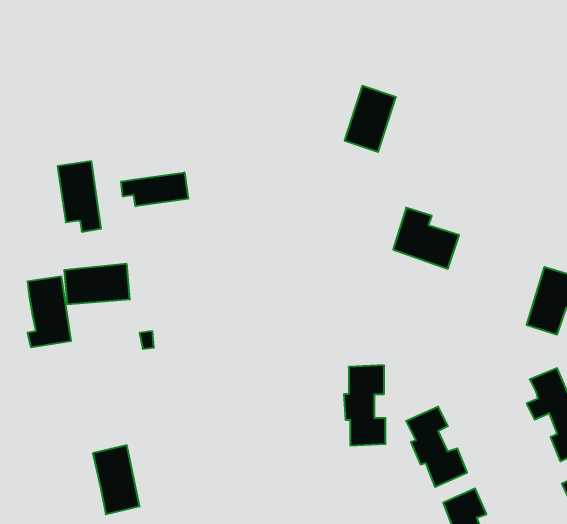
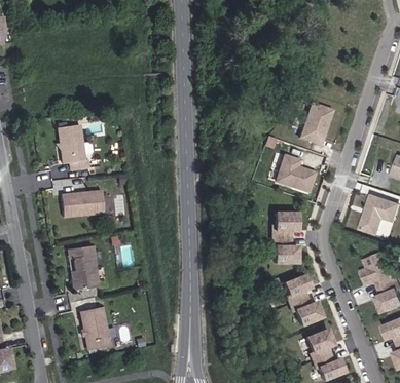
building: [345,86,396,152] -> [300,102,333,144]
building: [121,172,188,206] -> none
building: [28,277,71,347] -> [73,244,101,290]
building: [344,365,386,445] -> [271,210,298,262]

